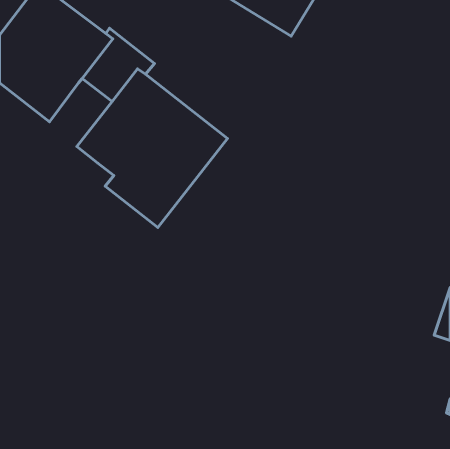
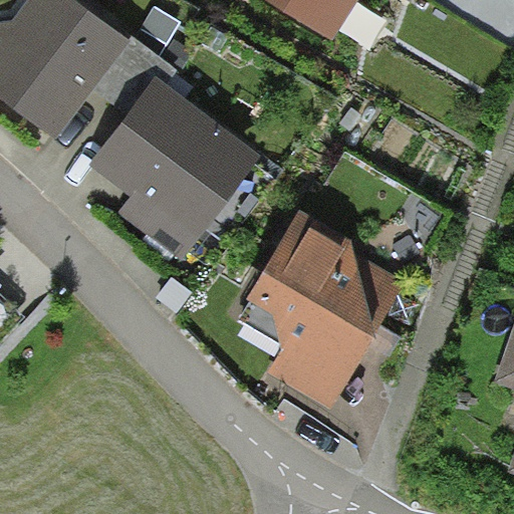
building: none -> [247,209,406,408]

